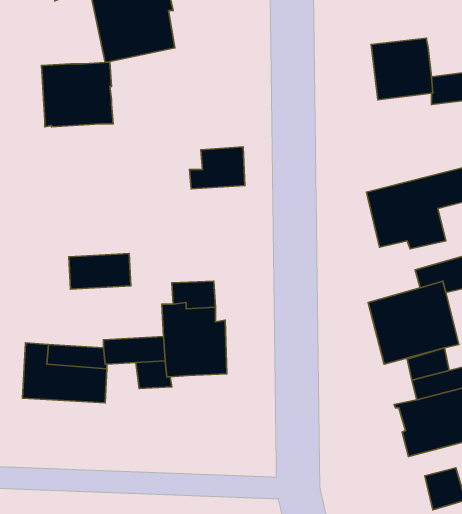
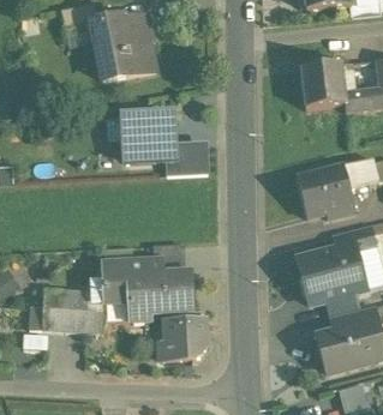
building: [42,62,113,127] -> [121,113,174,161]
building: [69,253,131,289] -> [100,258,145,284]
building: none -> [157,308,205,359]

